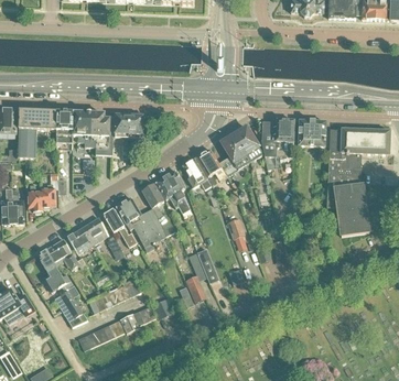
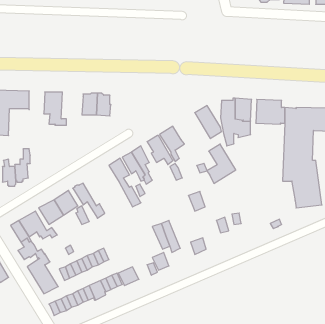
building: [55,110,73,148] -> none
building: [90,111,114,154] -> none
building: [218,133,249,175] -> [207,144,236,183]
building: [116,196,166,248] -> none

